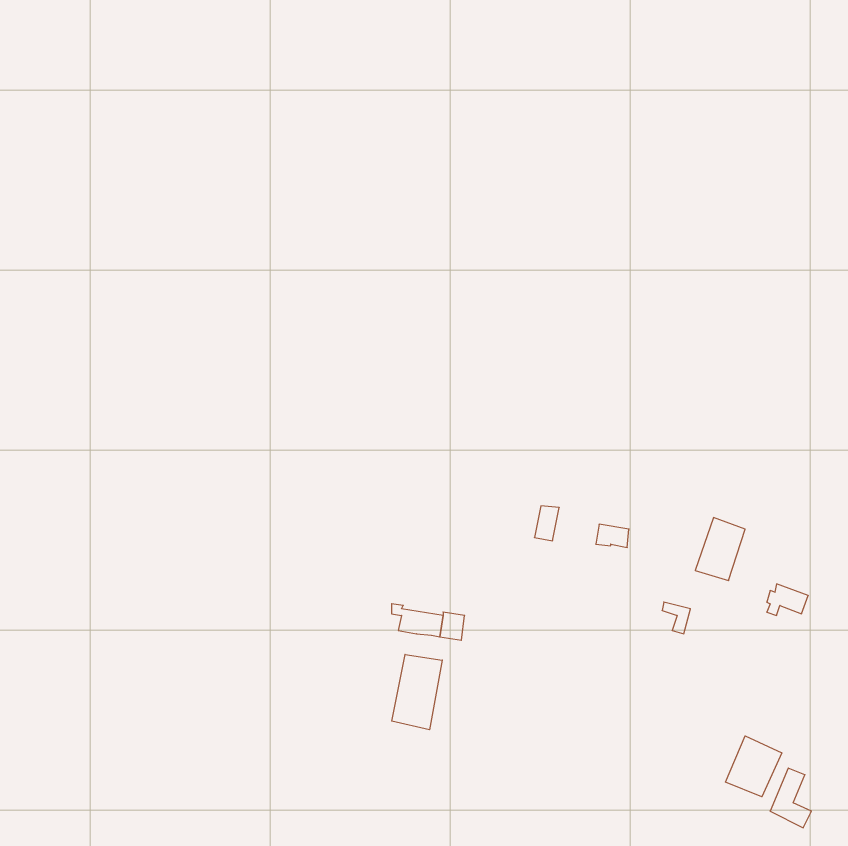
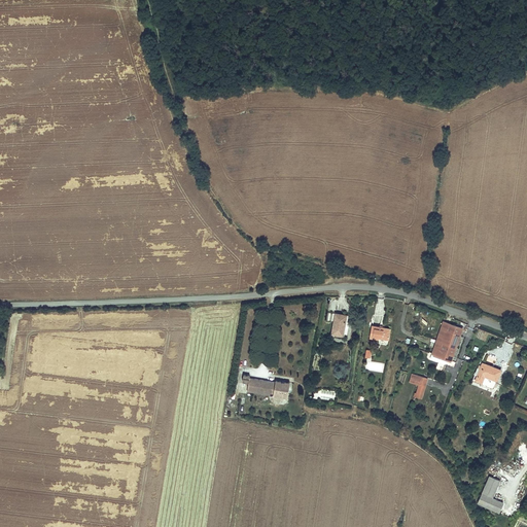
building: [392,654,442,730] -> none
building: [725,736,782,797] -> none

